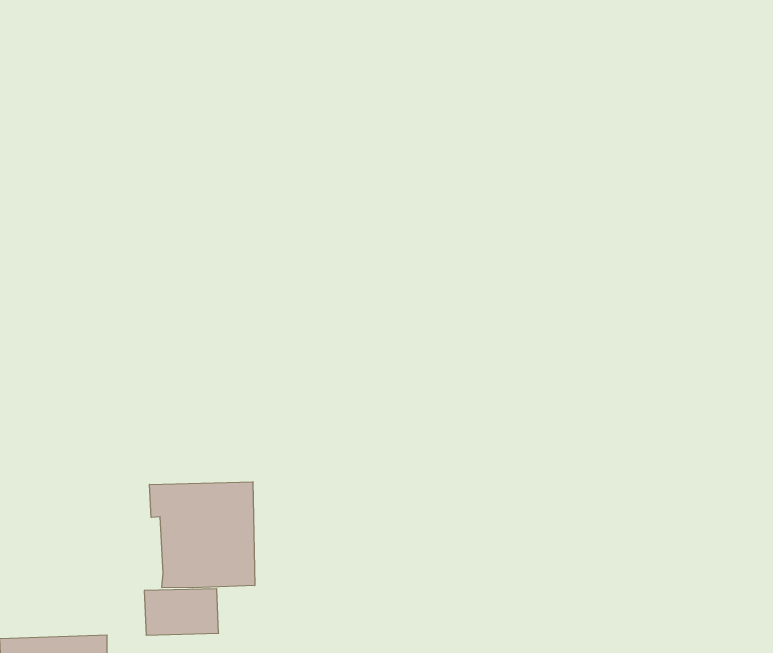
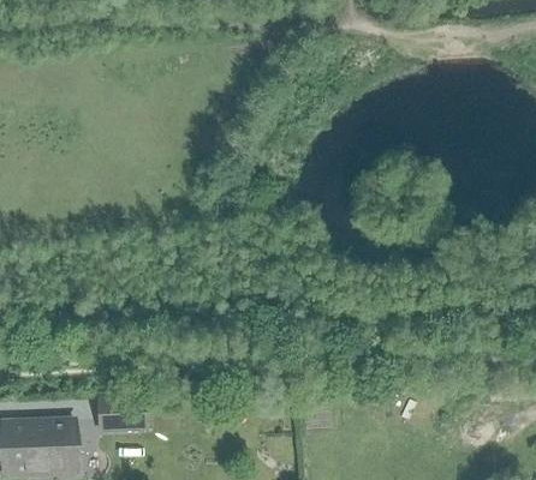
building: [150,482,255,588] -> none

